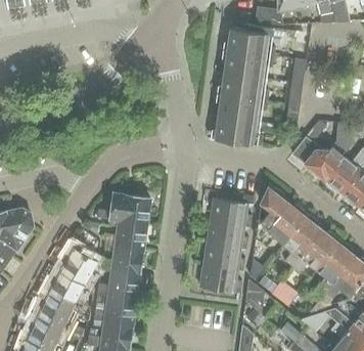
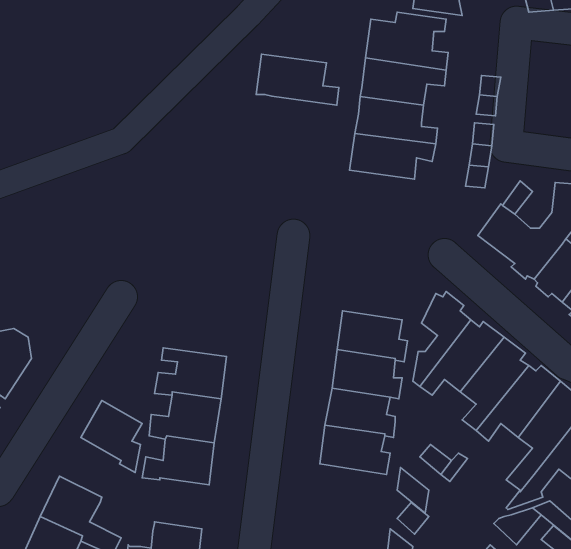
building: [215,116,263,145] -> [256,54,339,105]
building: [96,193,150,224] -> none
building: [49,271,87,314] -> none
building: [94,295,136,324] -> none

